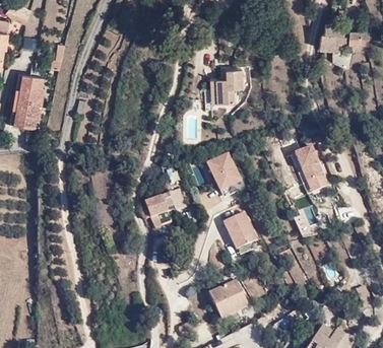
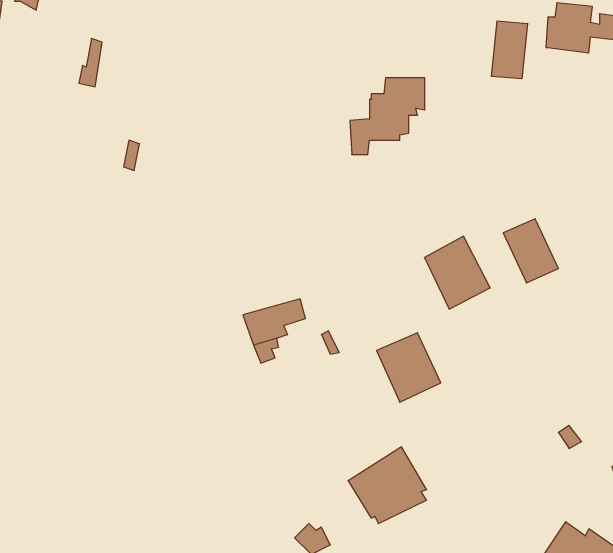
building: none -> [492,21,528,79]
building: [13,74,45,127] -> none
building: [204,150,242,192] -> [424,236,490,309]

